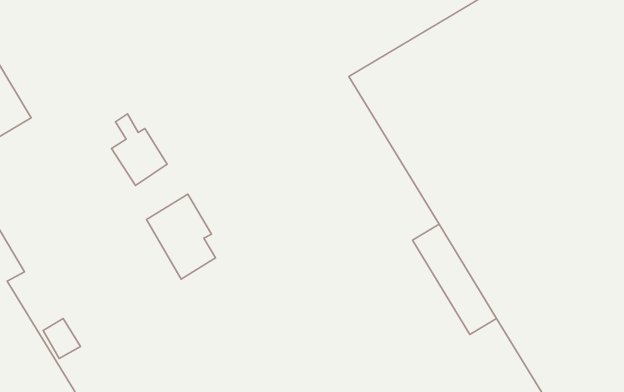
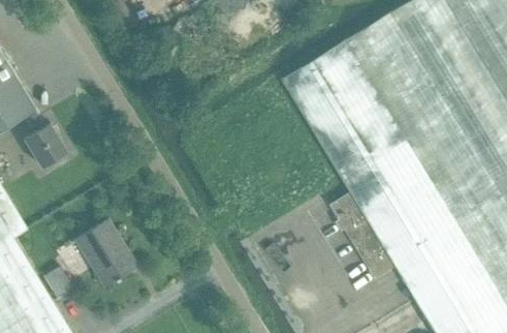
building: [112,114,167,186] -> [23,113,66,169]
building: [147,194,216,279] -> [75,221,129,287]

